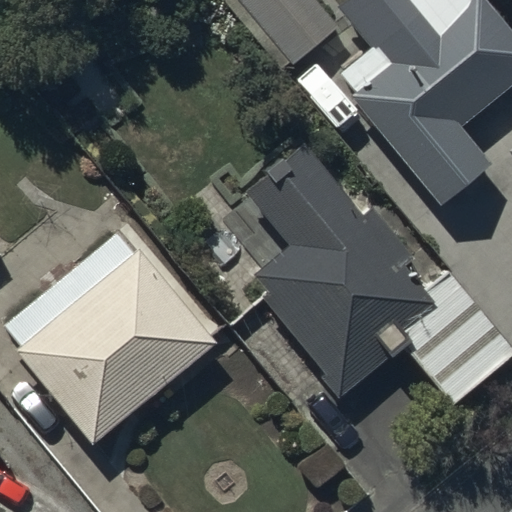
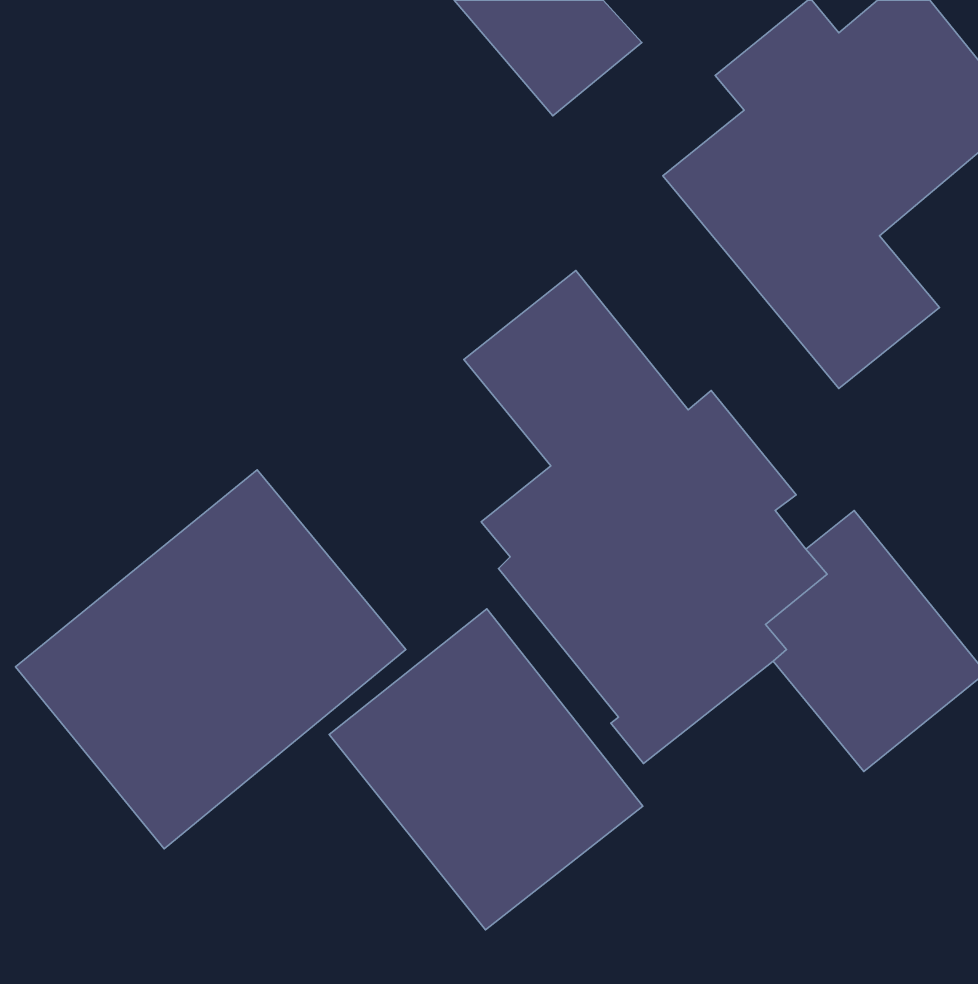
building: none -> [329,609,643,930]

